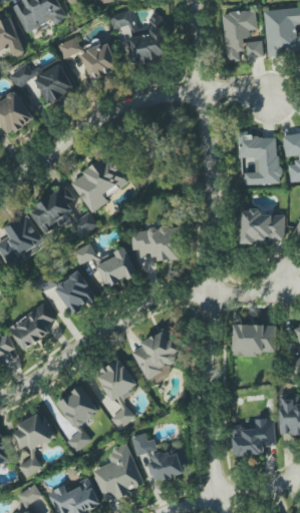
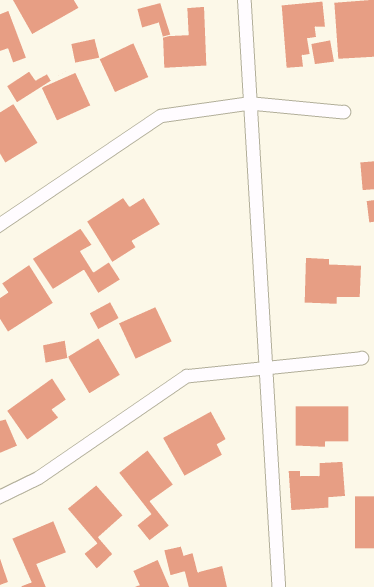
building: [238,134,279,184] -> none
building: [130,226,182,261] -> none
building: [231,418,276,456] -> [288,461,346,510]

